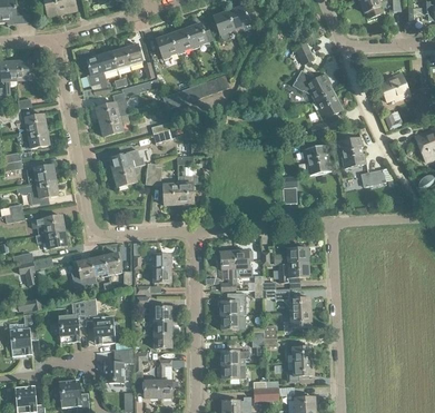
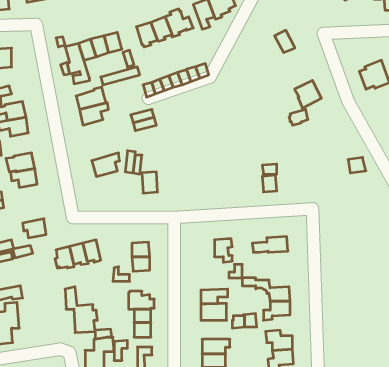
building: [291,70,332,101] -> none
building: [337,137,365,168] -> none
building: [303,145,329,175] -> none
building: [108,150,144,173] -> none
building: [176,175,197,204] -> none
building: [30,215,63,235] -> none
building: [219,252,236,291] -> none
building: [278,263,307,283] -> none
building: [58,299,86,343] -> none

